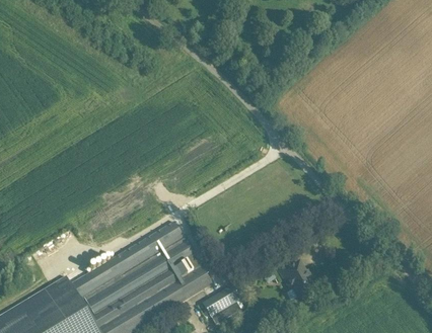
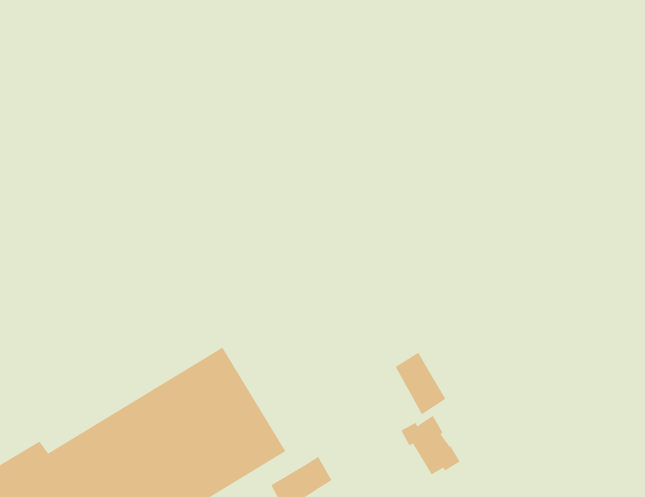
building: none -> [395,352,446,415]

